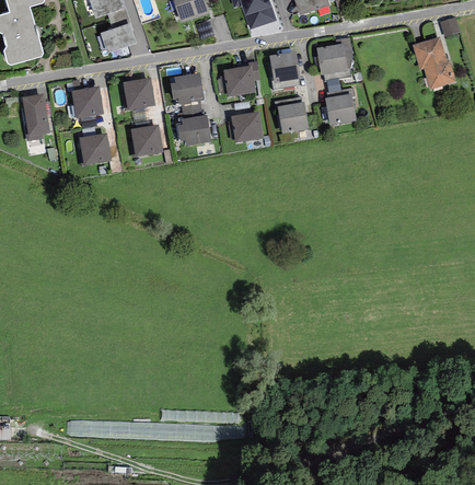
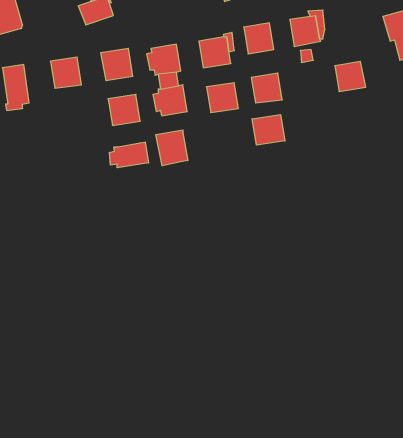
building: [325,94,357,125] -> [335,61,366,91]
building: [79,134,111,164] -> none
building: none -> [252,115,285,145]
building: none -> [156,130,188,166]
building: none -> [109,142,149,168]

